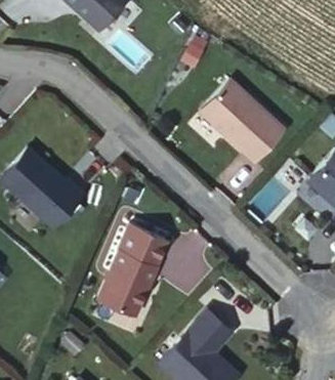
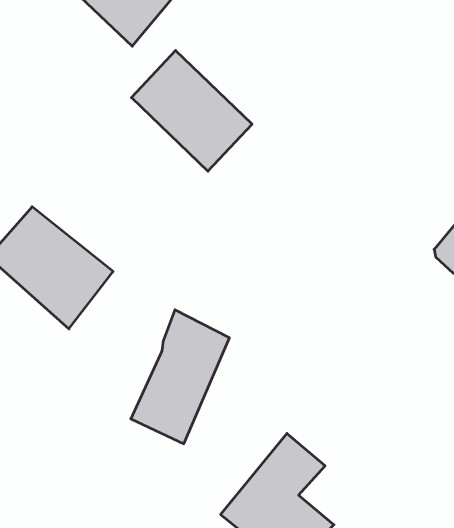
building: [202,79,286,163] -> [131,50,252,171]

